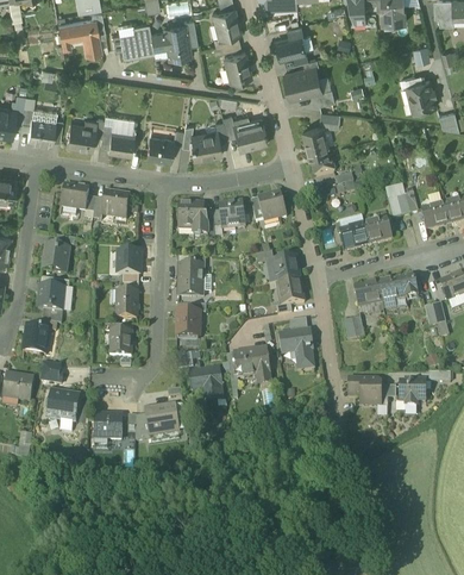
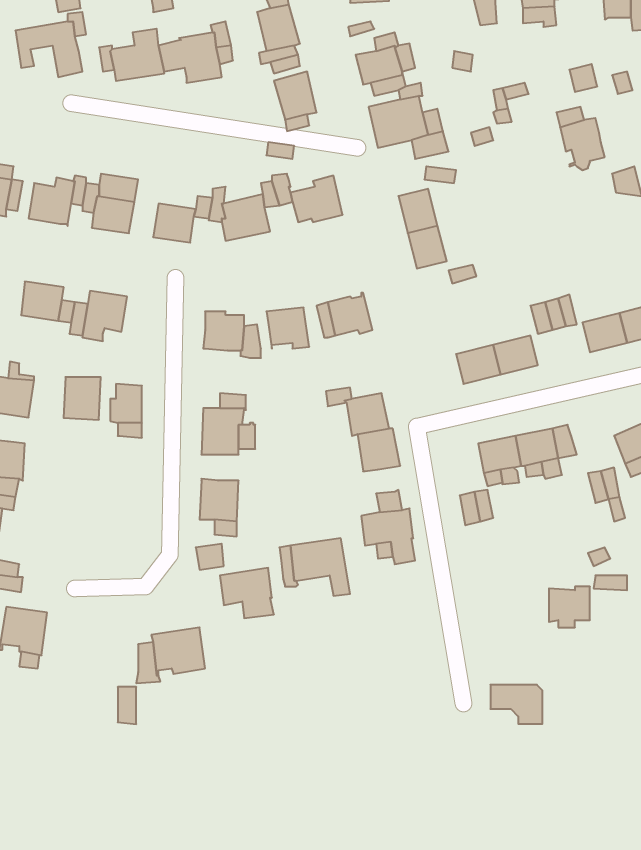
building: [114,292,138,319] -> [64,377,101,420]
building: [108,331,131,356] -> none
building: [346,380,380,405] -> [490,685,542,724]
building: [94,415,121,440] -> none

